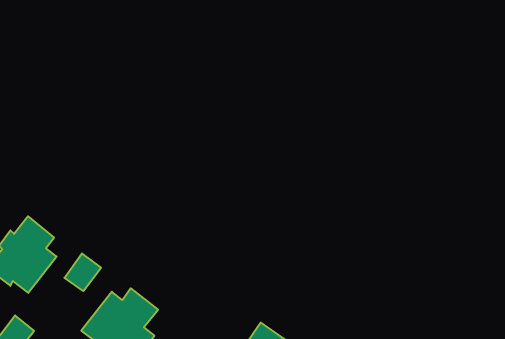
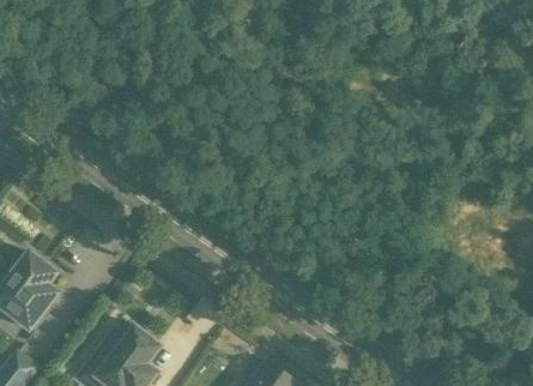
building: [64,253,101,291] -> none

